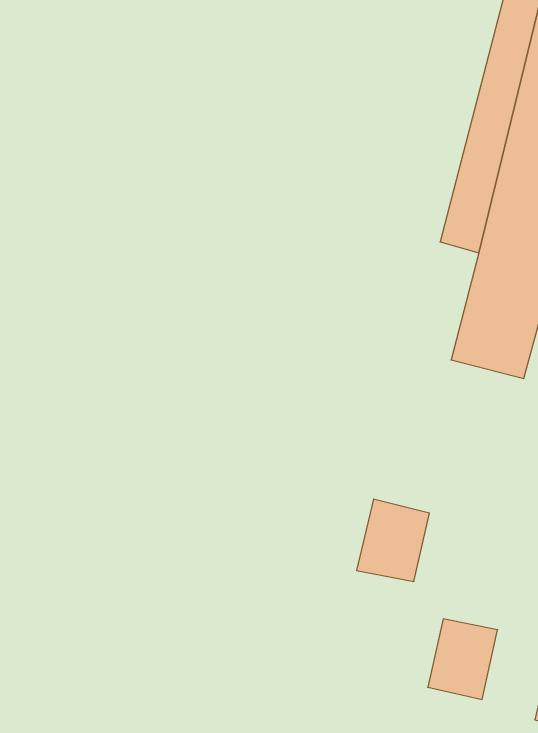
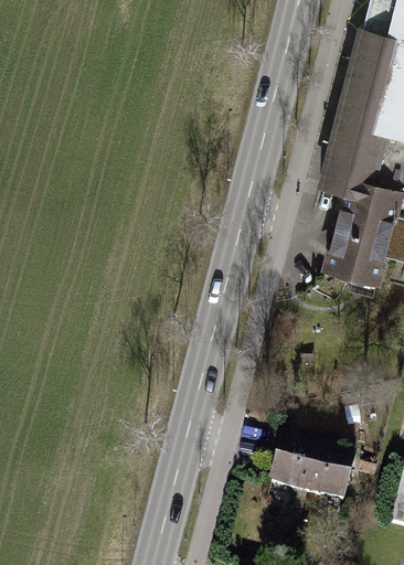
building: [357,499,429,581] -> [273,438,325,497]

